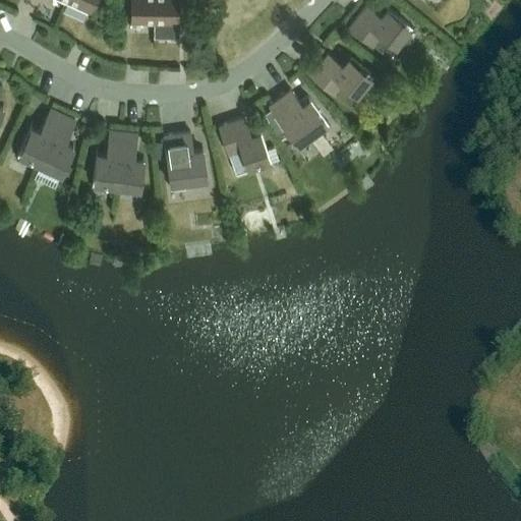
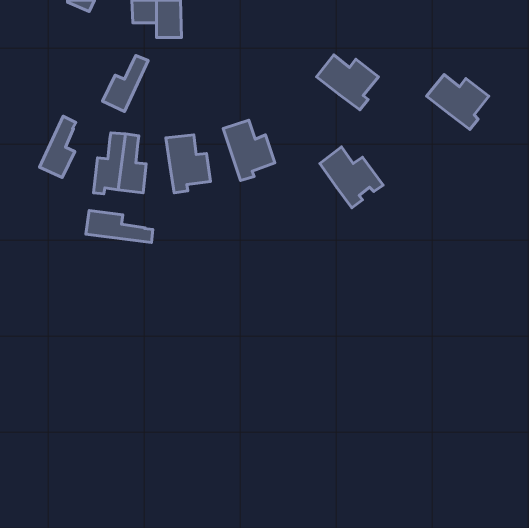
building: [350,7,411,61] -> [426,74,489,129]
building: [270,92,332,152] -> [320,147,383,208]
building: [18,111,63,166] -> [103,55,148,111]
building: none -> [86,211,153,243]

